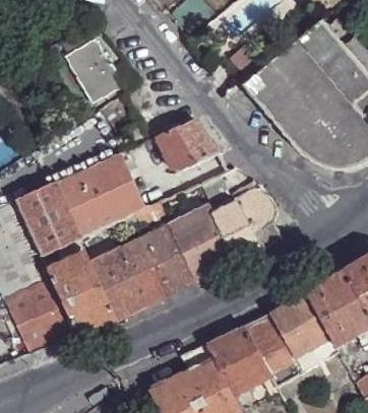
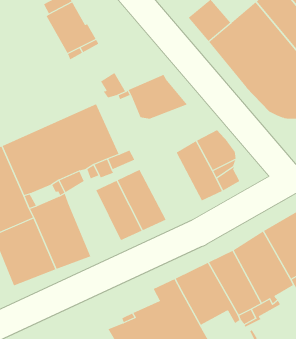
building: [168,205,236,279] -> none
building: [89,247,146,320] -> none

